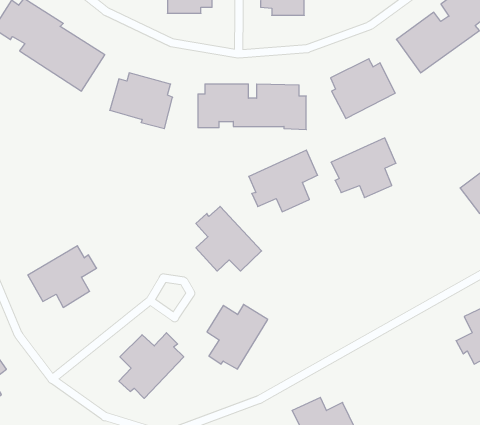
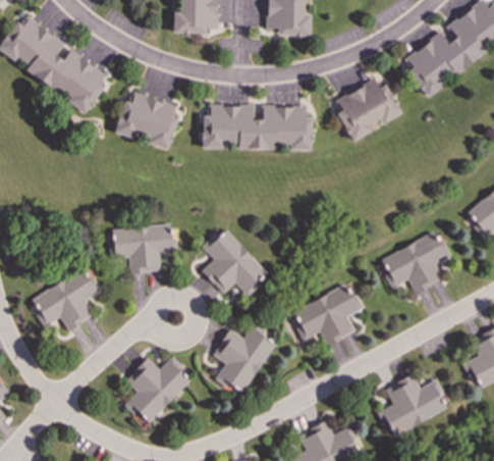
building: [331,138,396,198] -> [382,233,447,293]
building: [249,150,318,212] -> [294,283,364,345]
building: none -> [112,224,173,273]
building: none -> [375,374,449,438]

